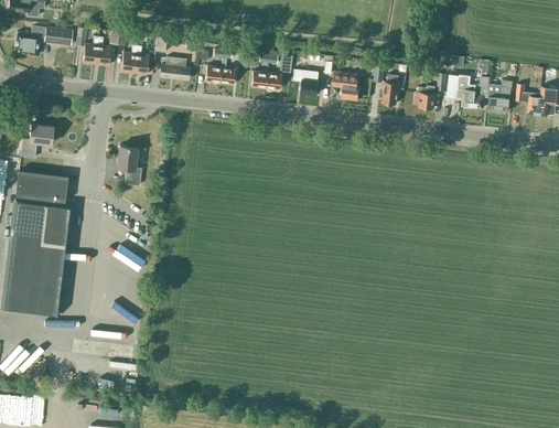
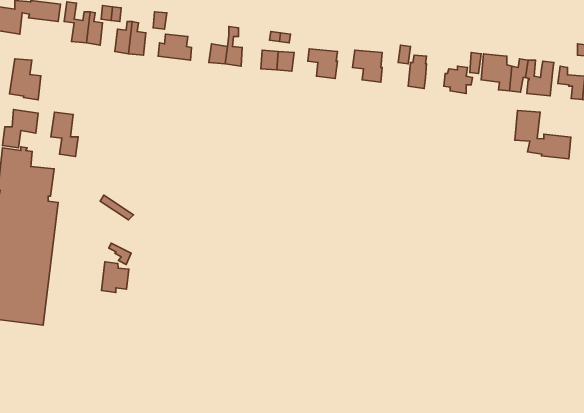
building: none -> [10,59,41,100]
building: none -> [515,111,571,159]
building: [117,146,141,185] -> [51,112,78,157]
building: none -> [102,262,129,292]

